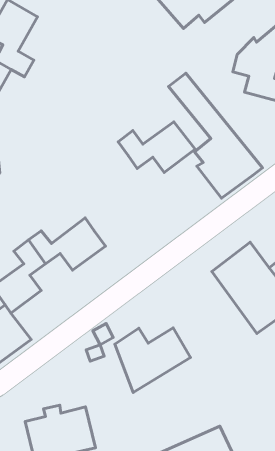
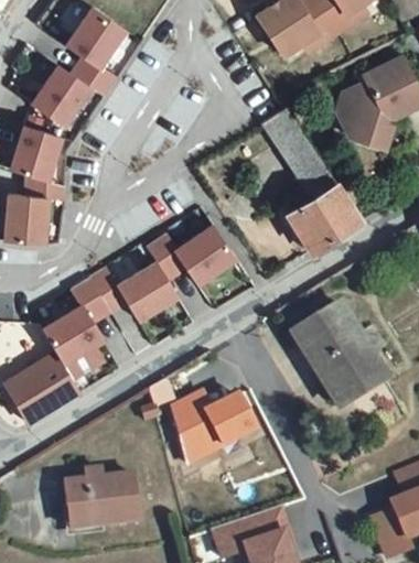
building: [118,122,195,173] -> [146,226,232,282]

